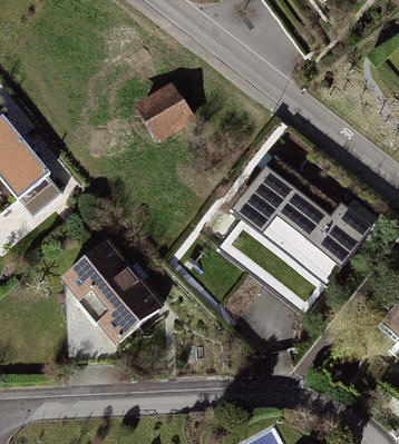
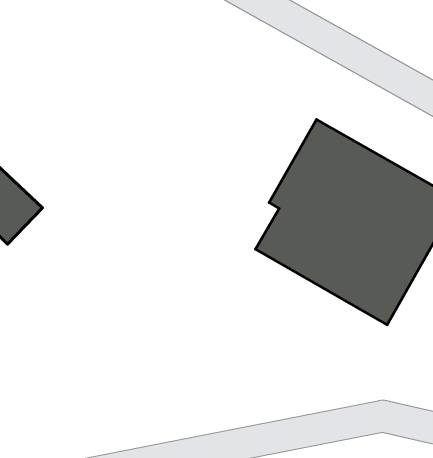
building: [133,83,198,148] -> none
building: [61,241,160,341] -> none

